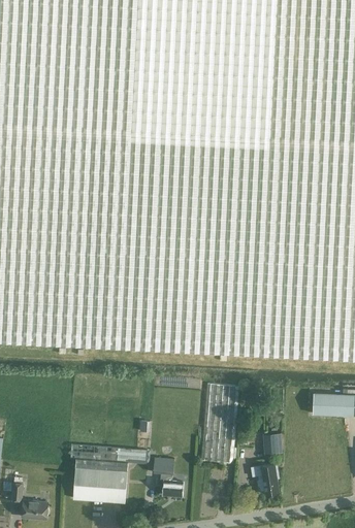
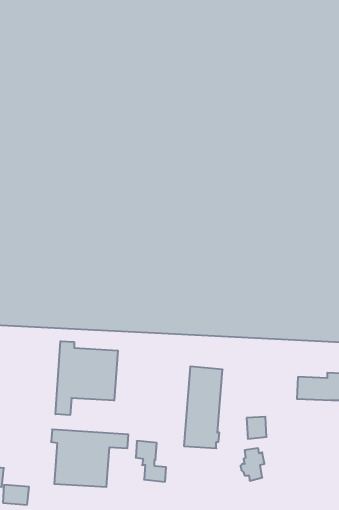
building: none -> [56,341,118,415]

